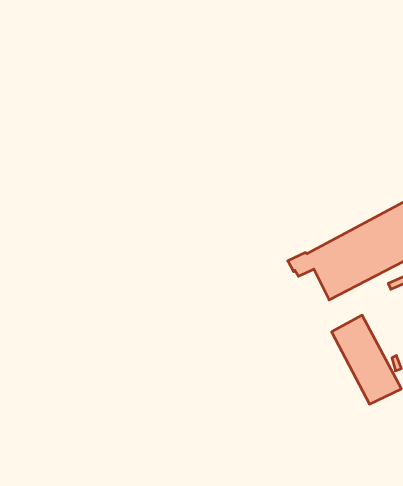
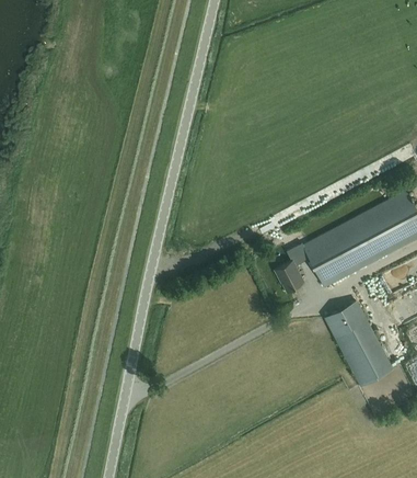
building: none -> [274,260,303,292]

